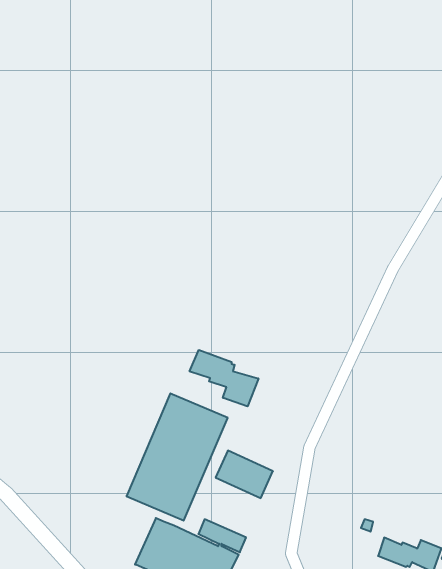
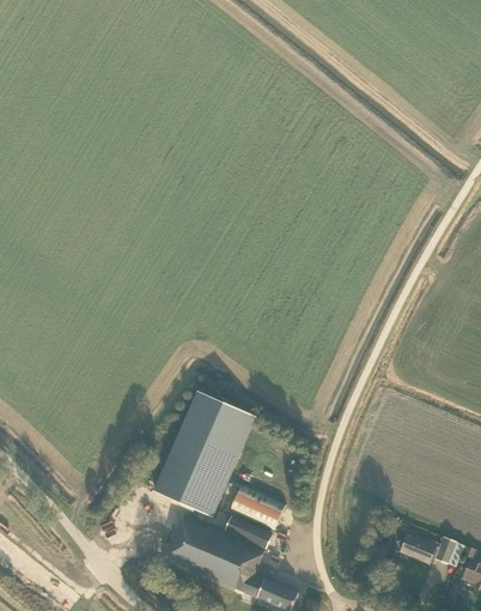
building: [190,350,258,406] -> none
building: [216,451,273,498] -> [230,484,286,531]

